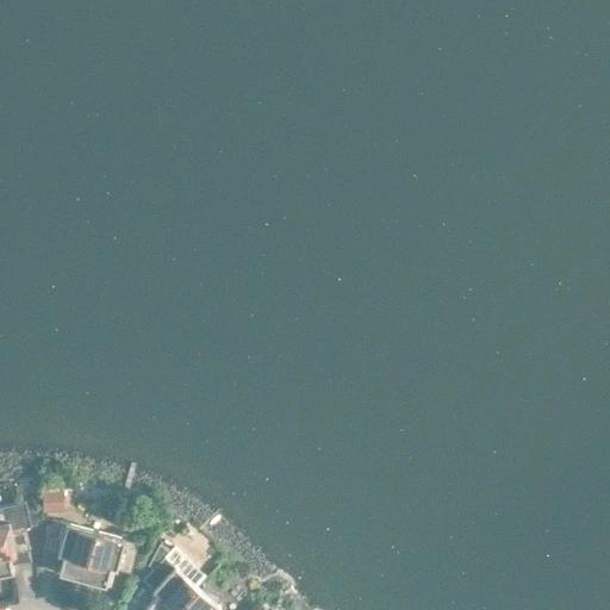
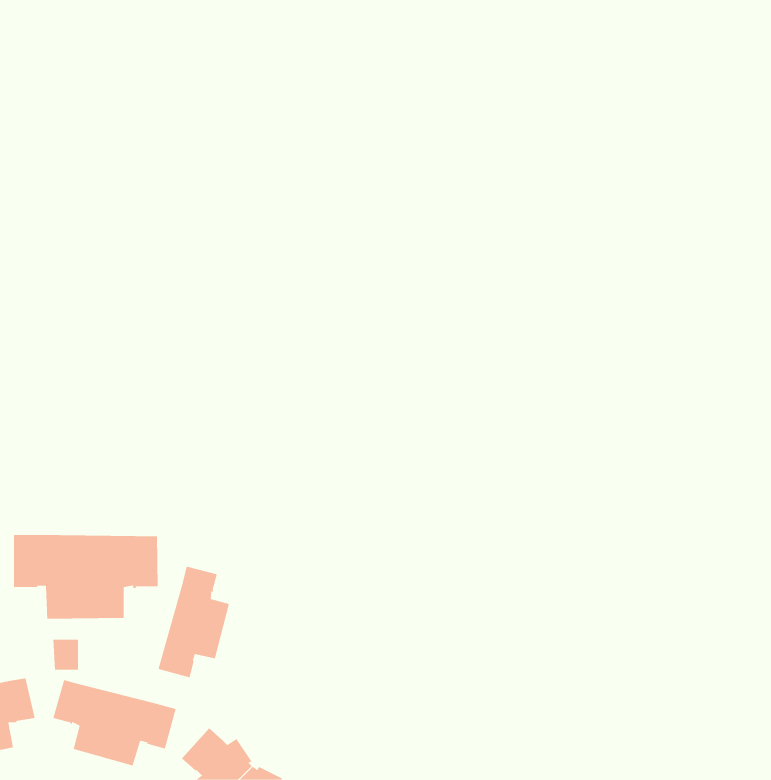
building: none -> [13,534,158,620]
building: none -> [158,566,230,678]

